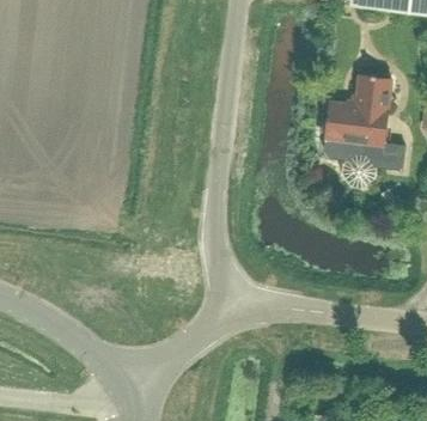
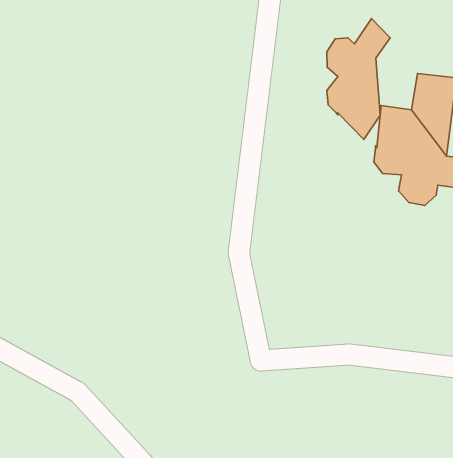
building: none -> [327,19,390,139]

